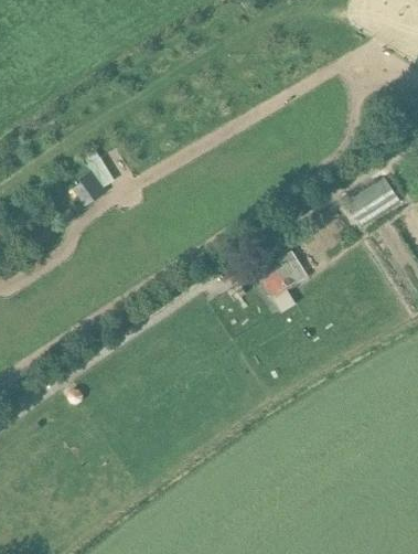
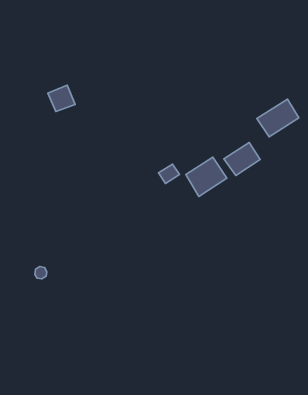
building: none -> [224,142,260,176]

